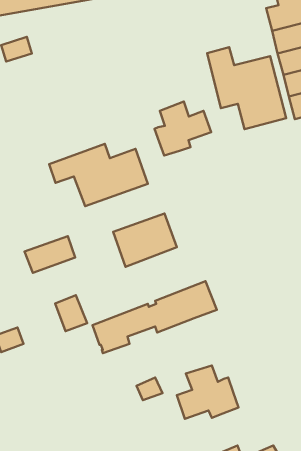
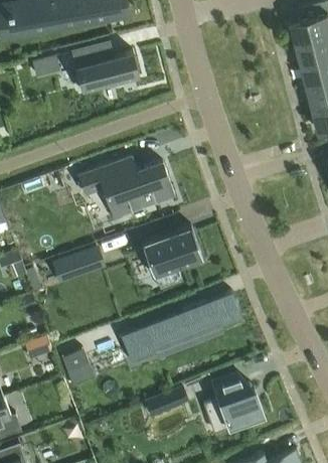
building: none -> [71,45,137,92]
building: [207,47,286,129] -> none
building: [155,101,211,156] -> none
building: [55,295,87,331] -> [61,351,93,387]

